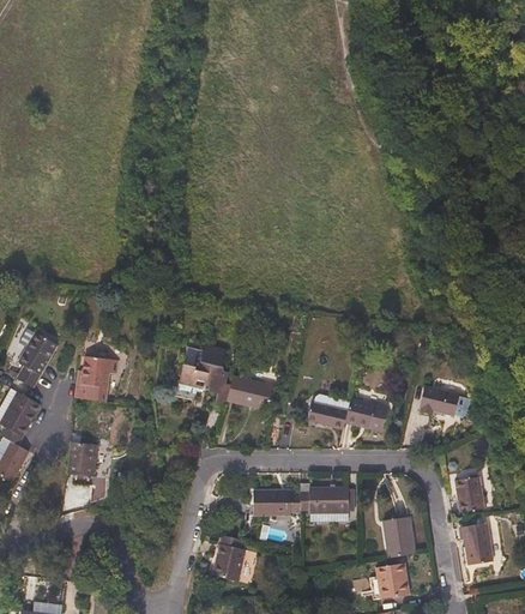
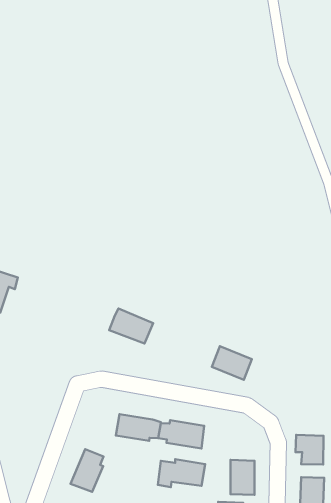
building: [180,345,231,404] -> none
building: [421,386,460,415] -> none
building: [307,393,351,429] -> none
building: none -> [158,459,205,487]

